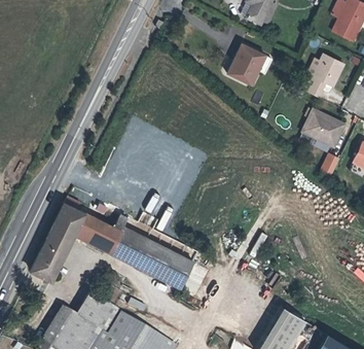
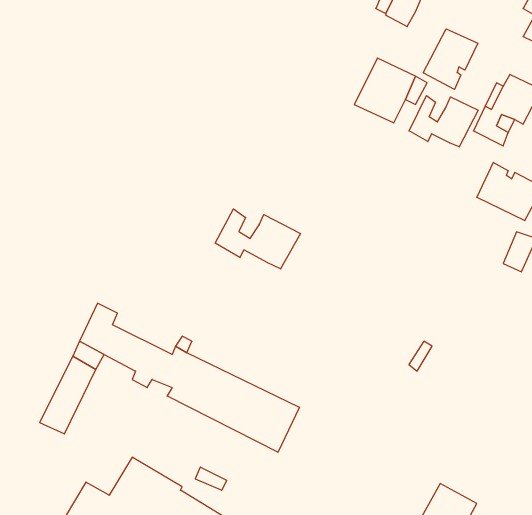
building: none -> [423,29,478,89]
building: none -> [409,96,478,147]
building: none -> [215,209,301,269]

